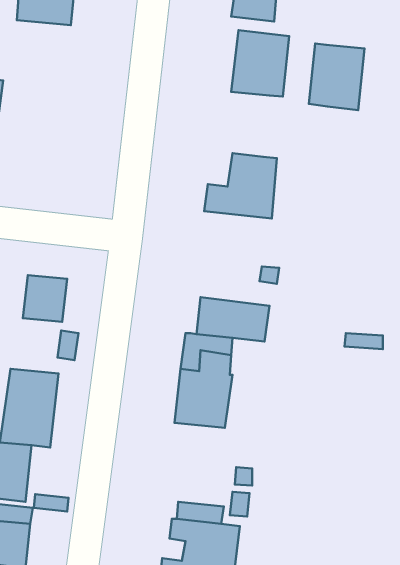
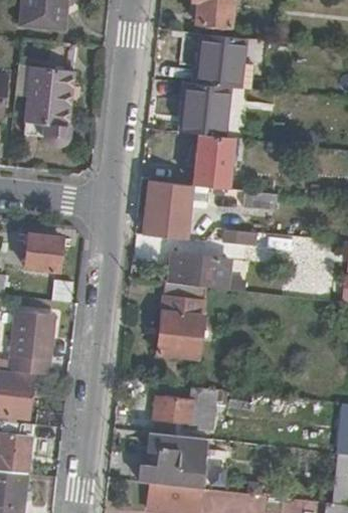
building: [309,44,364,110] -> [183,83,228,138]
building: none -> [19,66,76,146]
building: none -> [144,179,277,228]
building: none -> [154,396,194,423]

